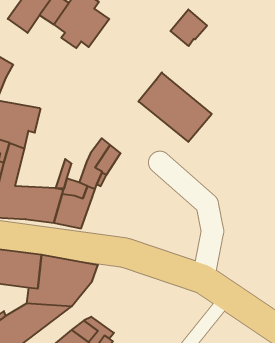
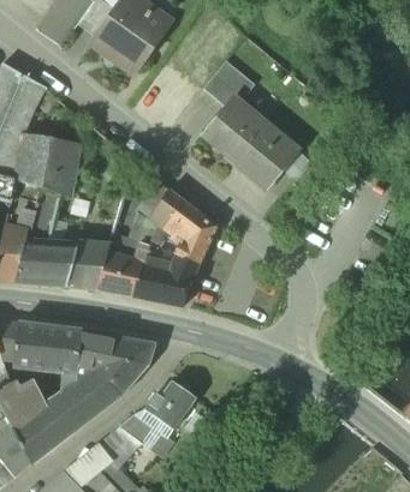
building: [170,9,207,46] -> [206,59,252,106]
building: none -> [132,206,216,306]
building: none -> [145,380,196,428]

